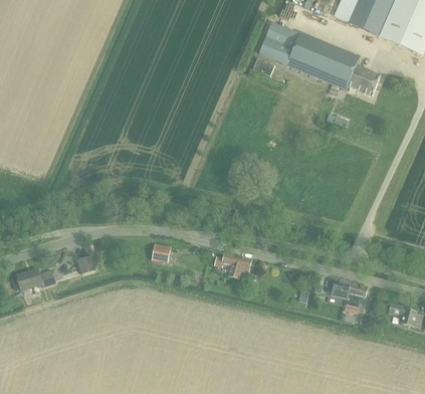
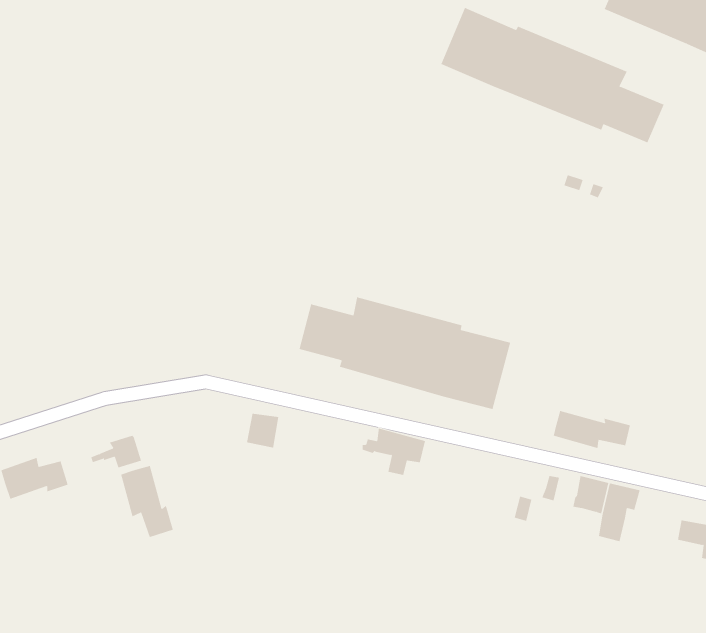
building: none -> [299,297,511,410]
building: none -> [553,410,631,449]
building: none -> [120,465,174,538]

